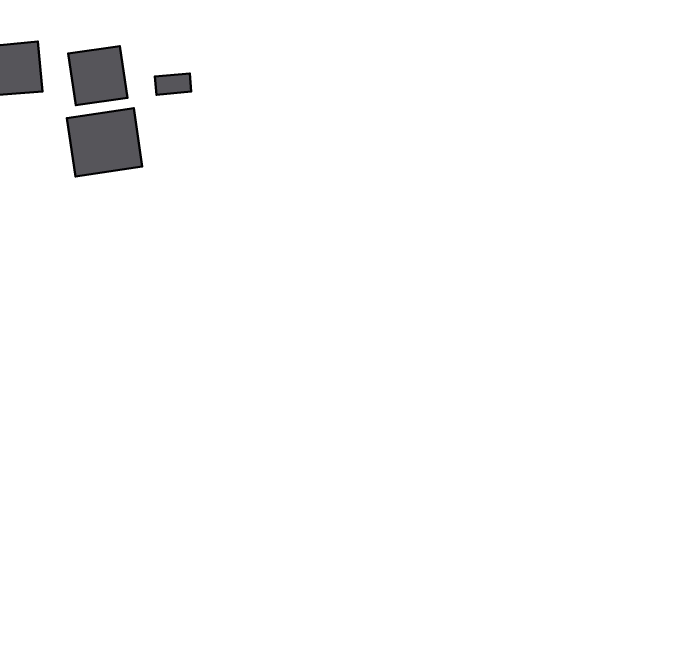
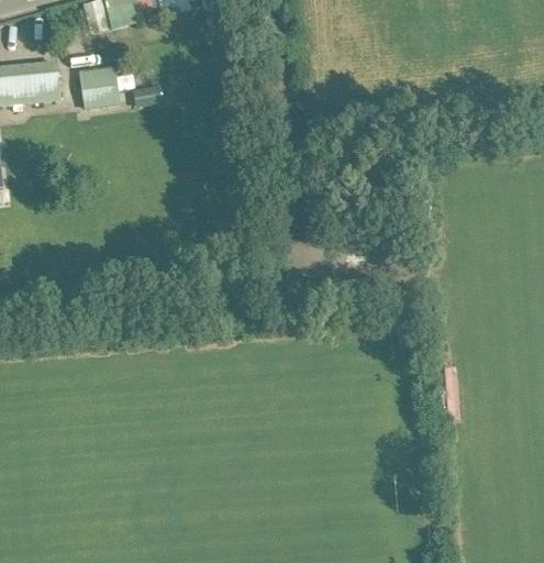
building: [67,108,142,176] -> none

